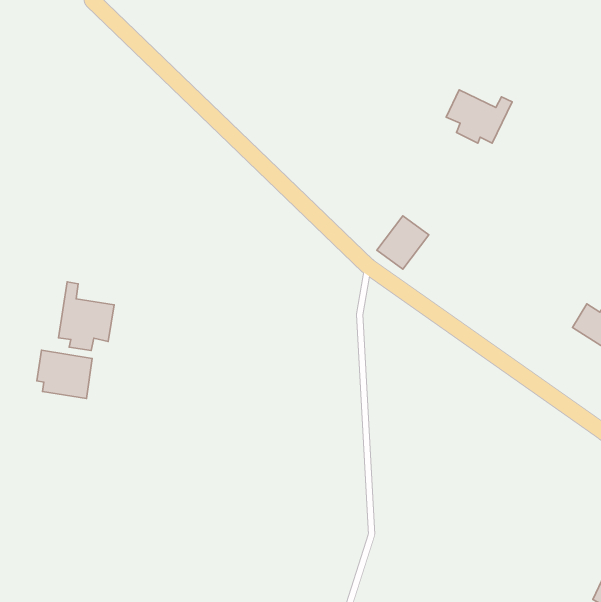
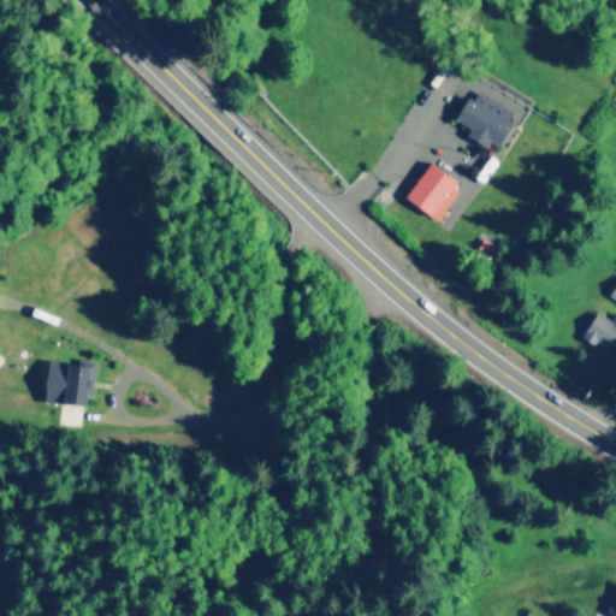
building: [377,216,429,269] -> [407,162,460,217]
building: [58,282,114,350] -> none

